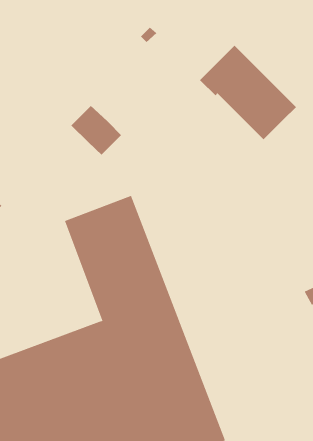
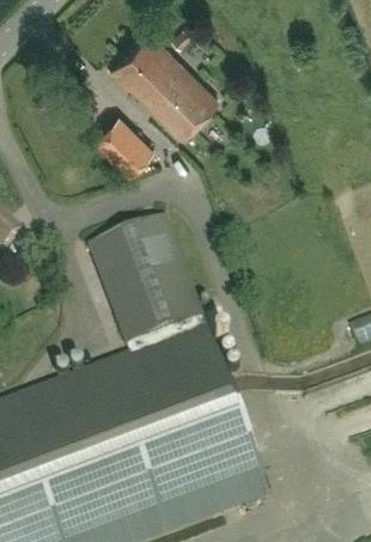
building: [199,45,297,140] -> [110,31,219,138]

